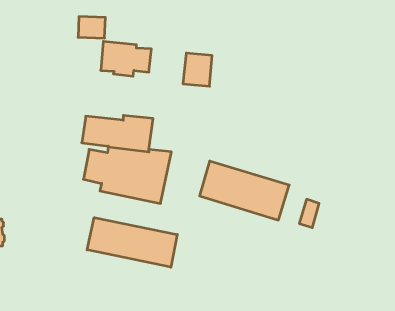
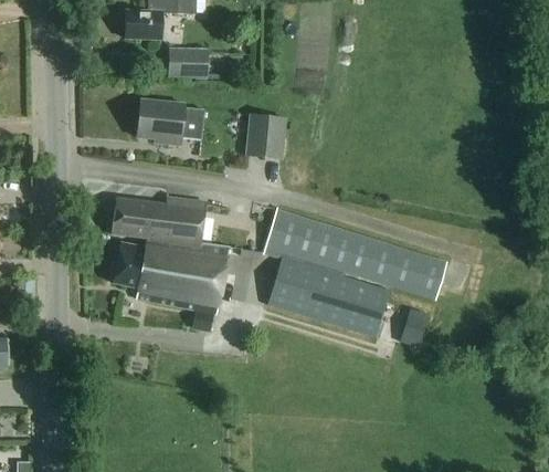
building: [78,17,105,38] -> [170,49,207,77]
building: none -> [263,208,446,298]
building: [87,218,177,267] -> none

